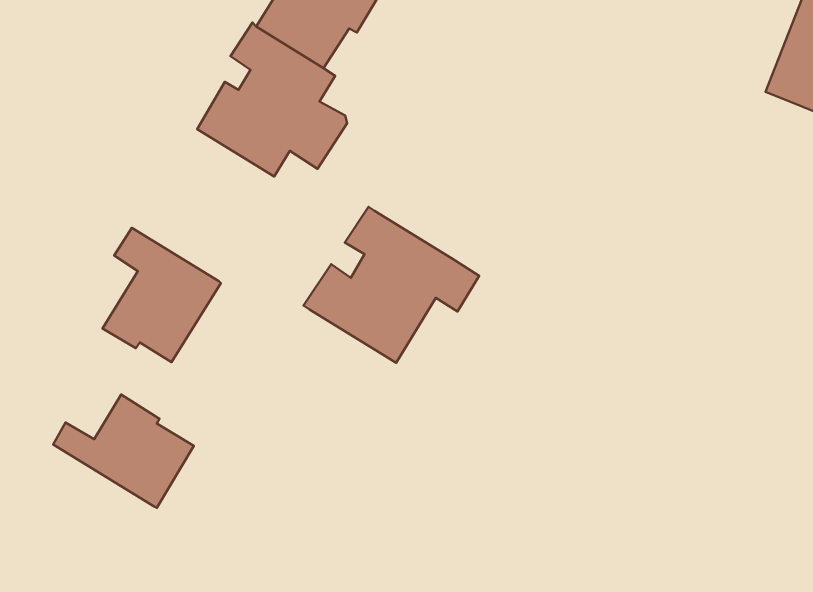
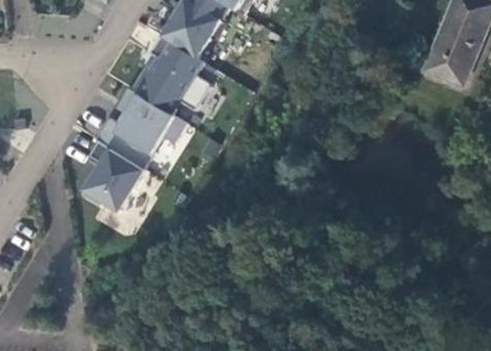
building: [303,207,479,363] -> [94,88,185,169]
building: [53,395,194,508] -> none

